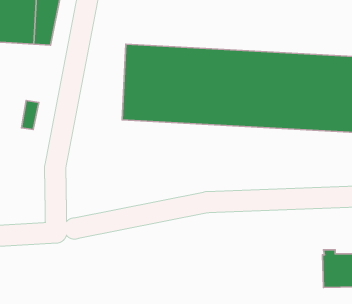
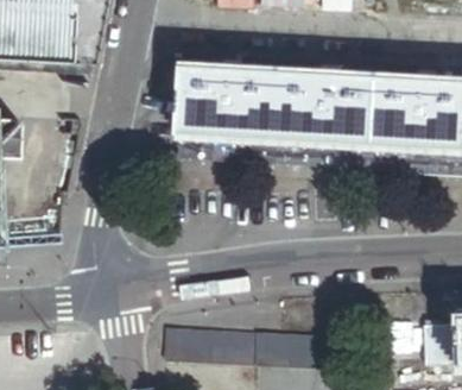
building: none -> [167,325,335,363]

